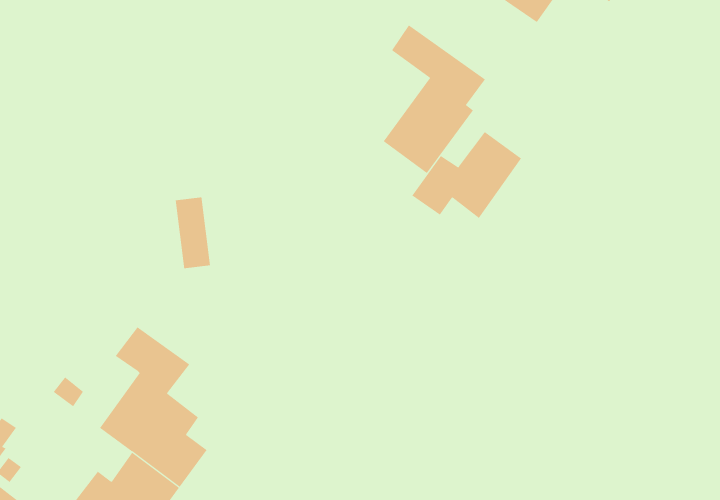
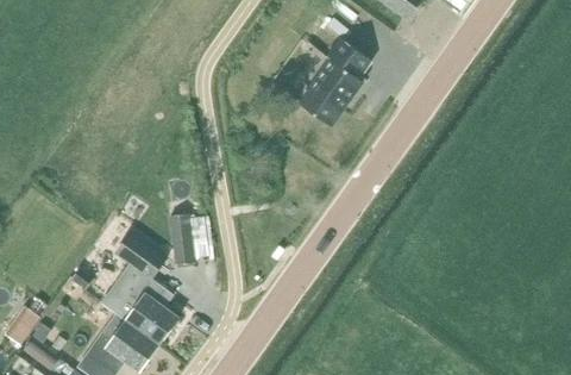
building: [412,131,522,219] -> none
building: [175,197,211,269] -> [168,214,193,264]

